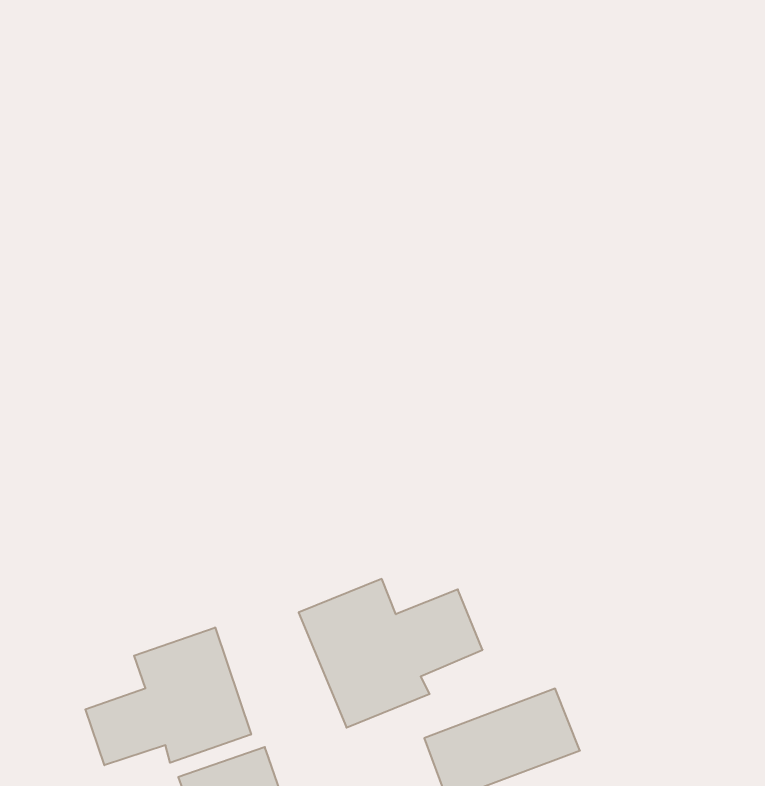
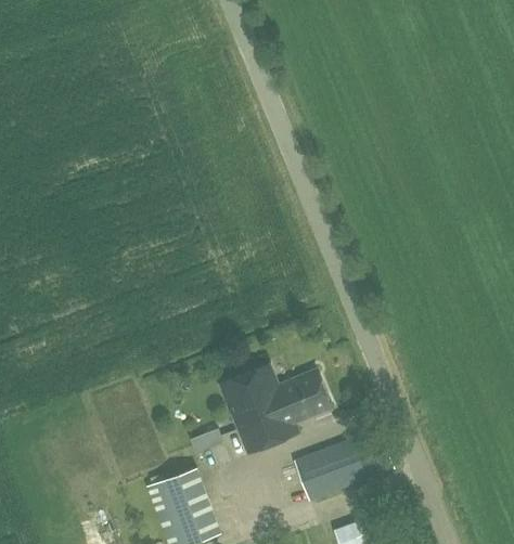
building: [85,627,251,765] -> none

